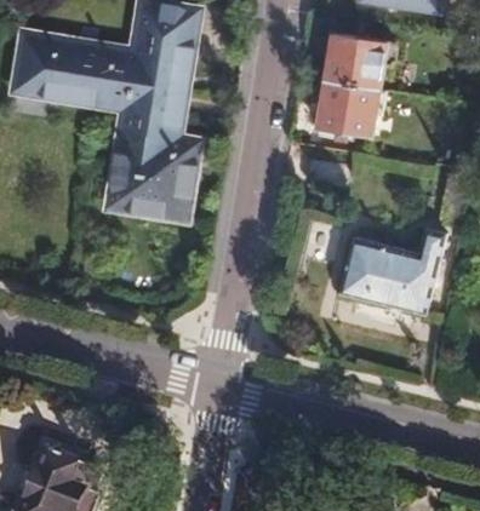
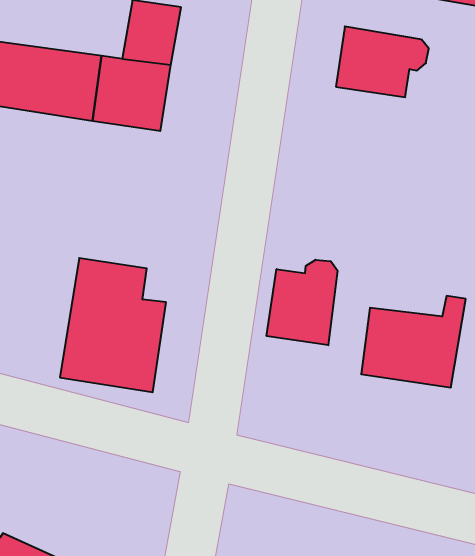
building: [315,77,384,133] -> none
building: [107,105,194,216] -> [60,258,166,392]
building: none -> [267,260,337,345]

